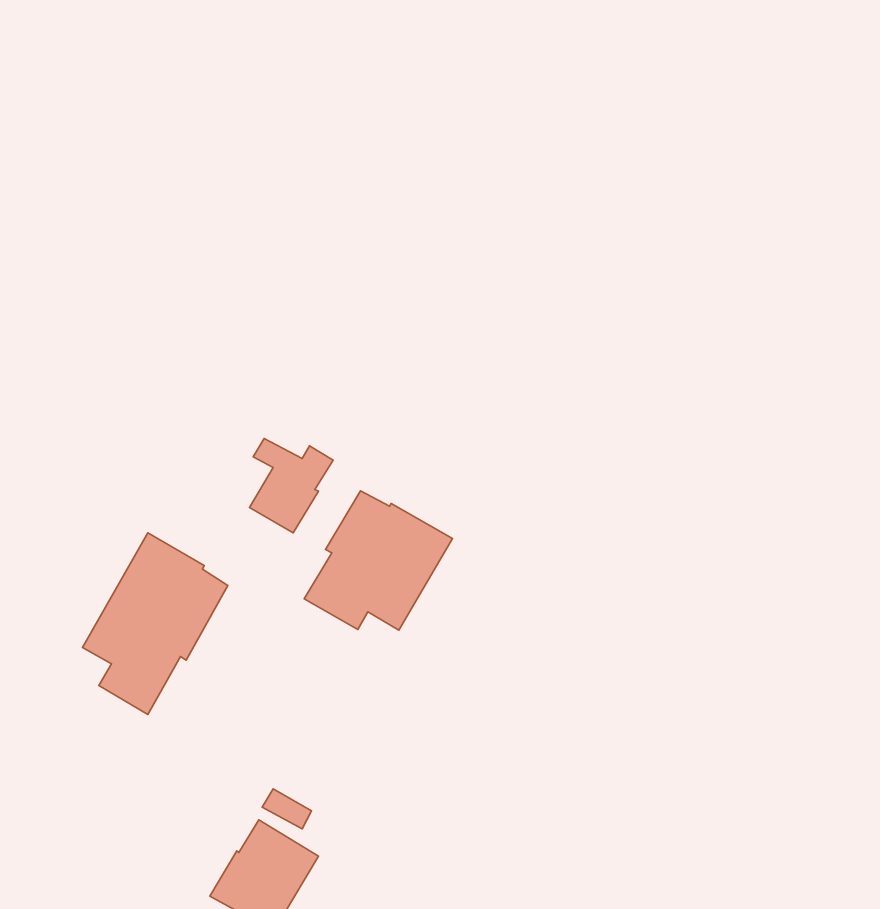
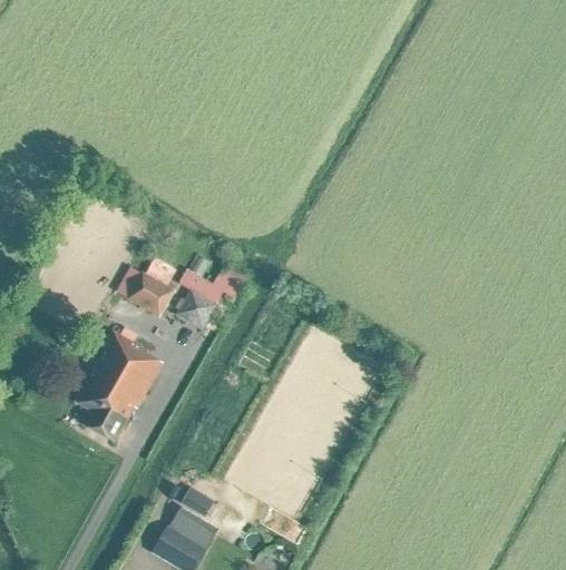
building: none -> [128,271,174,314]
building: [304,491,452,630] -> none

